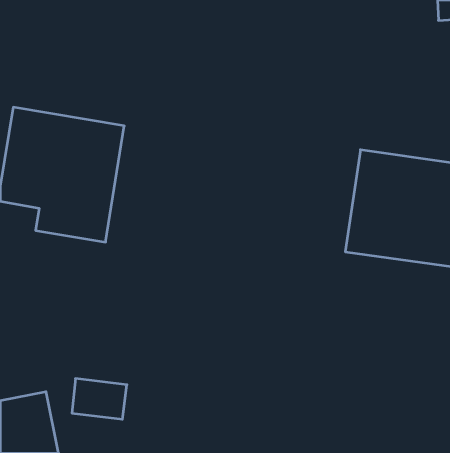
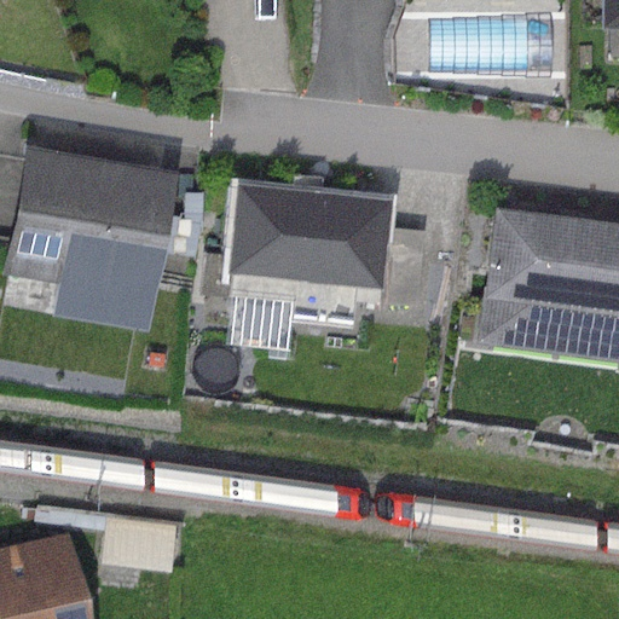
building: none -> [203,183,427,324]

